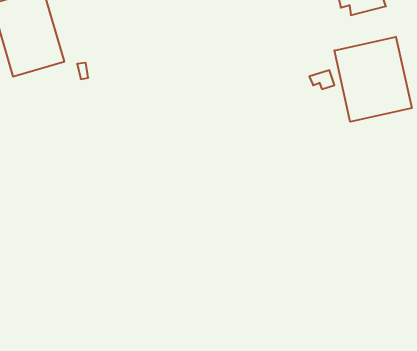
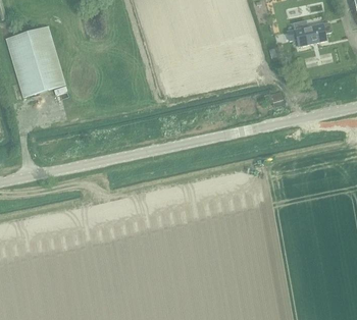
building: [334,37,412,122] -> none

